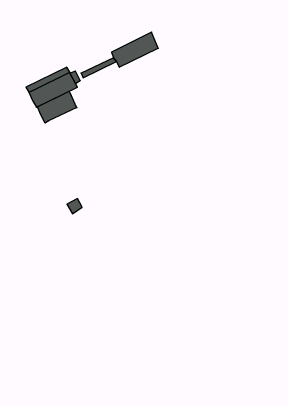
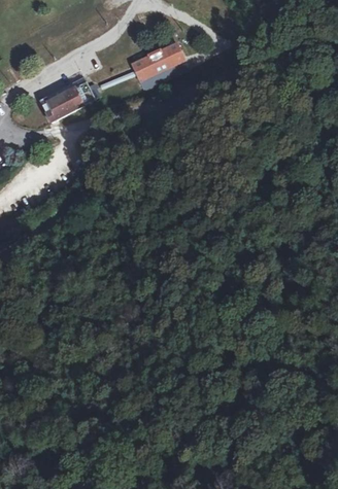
building: [37,91,77,123] -> none

